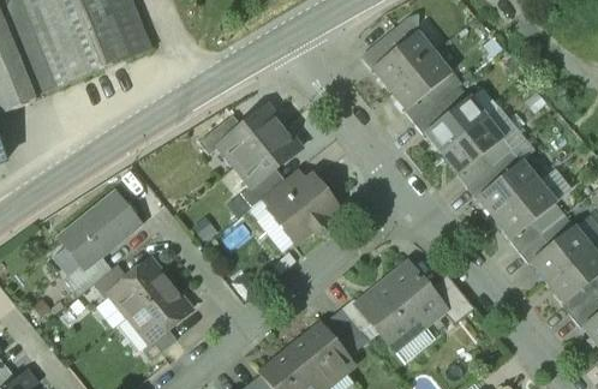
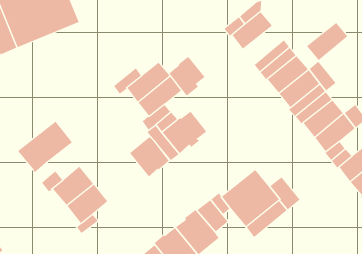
building: [389,52,450,108] -> [306,22,348,61]
building: none -> [169,56,205,97]
building: none -> [129,136,170,177]
building: [64,253,112,294] -> none

